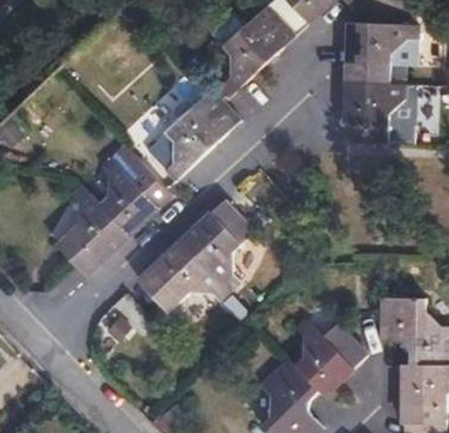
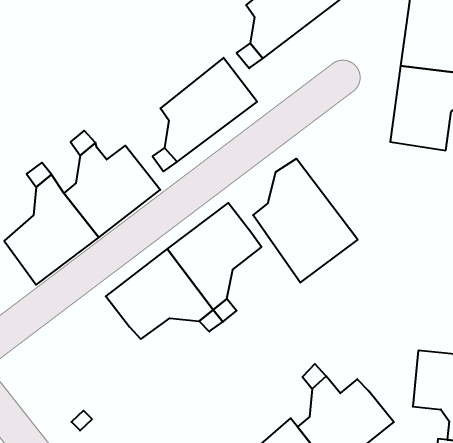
building: none -> [253,159,358,283]

